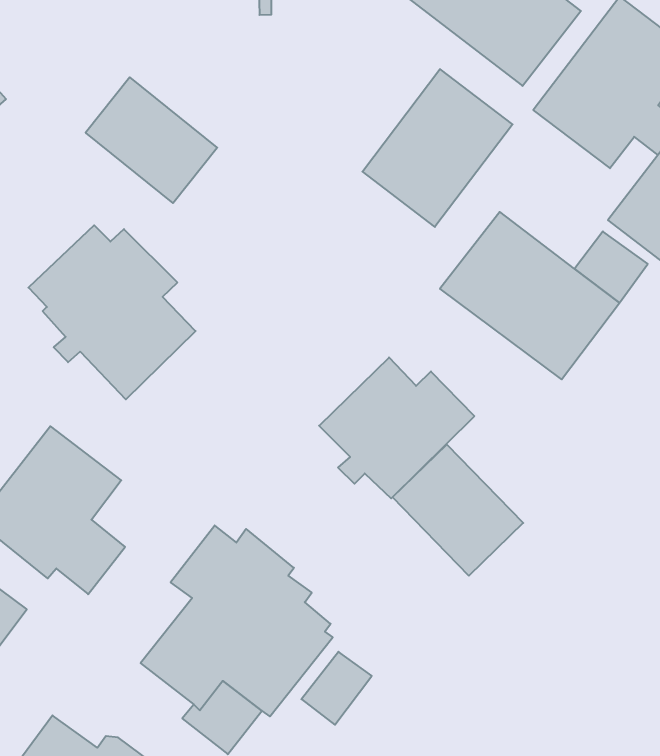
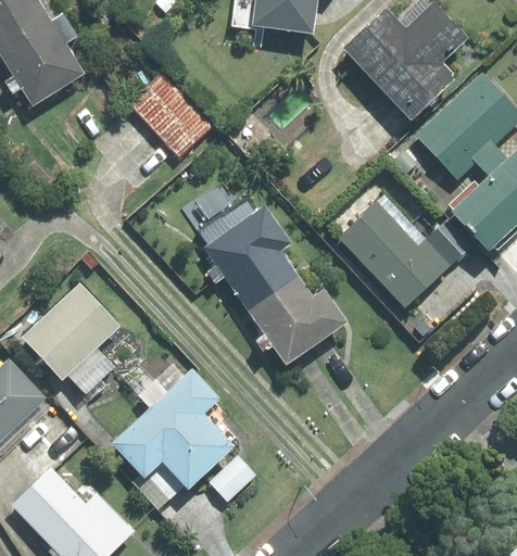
building: [362,69,513,227] -> none
building: [28,225,196,399] -> [199,199,300,312]
building: [392,444,523,576] -> none

